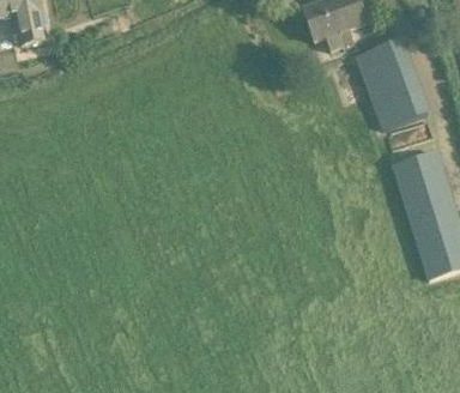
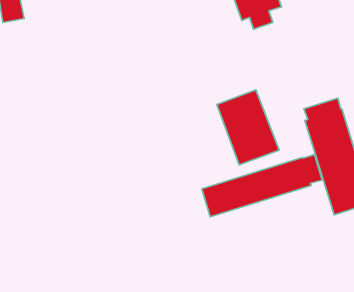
building: [353,38,430,131] -> [217,90,279,165]
building: none -> [202,154,322,217]

